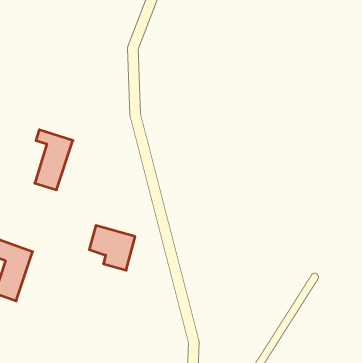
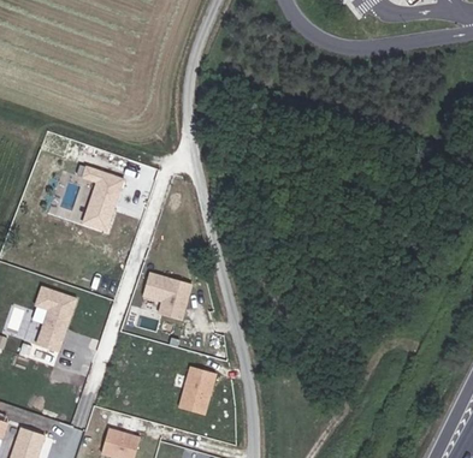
building: none -> [178,365,218,416]

